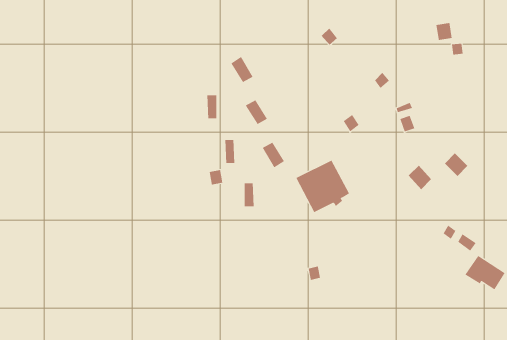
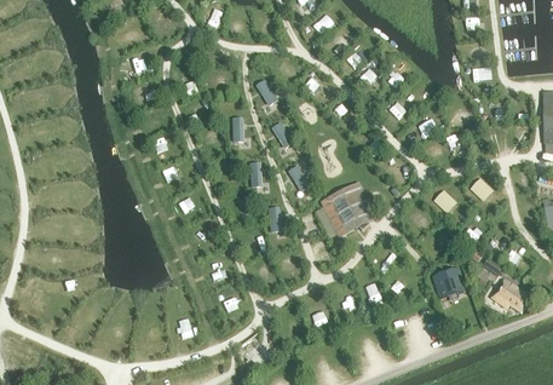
building: none -> [431,266,465,299]

